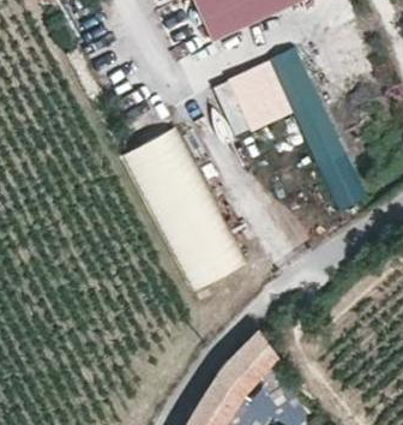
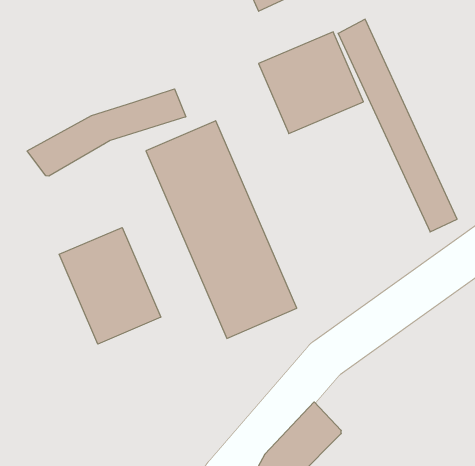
building: none -> [27,89,186,176]
building: none -> [59,228,161,344]

